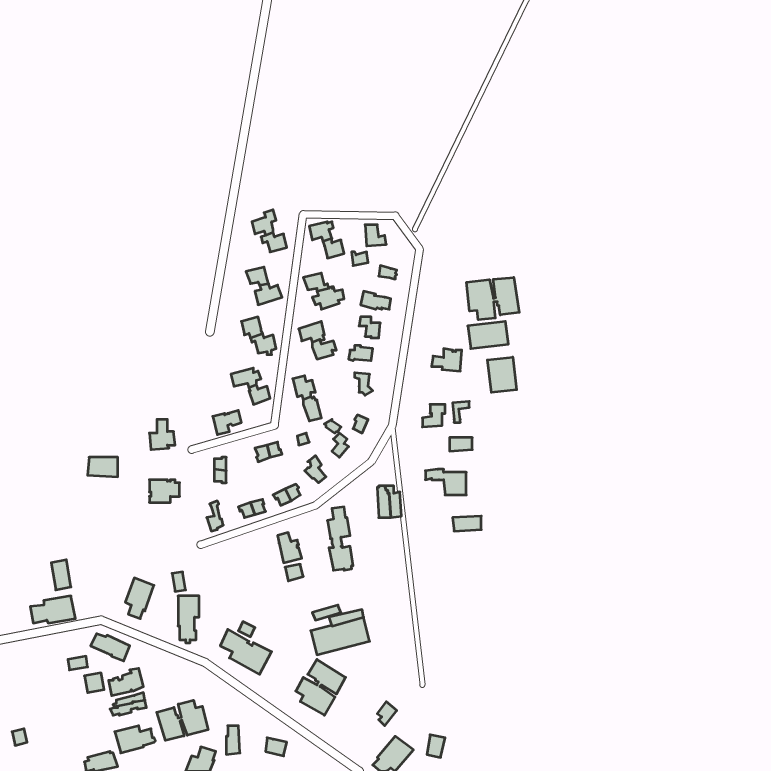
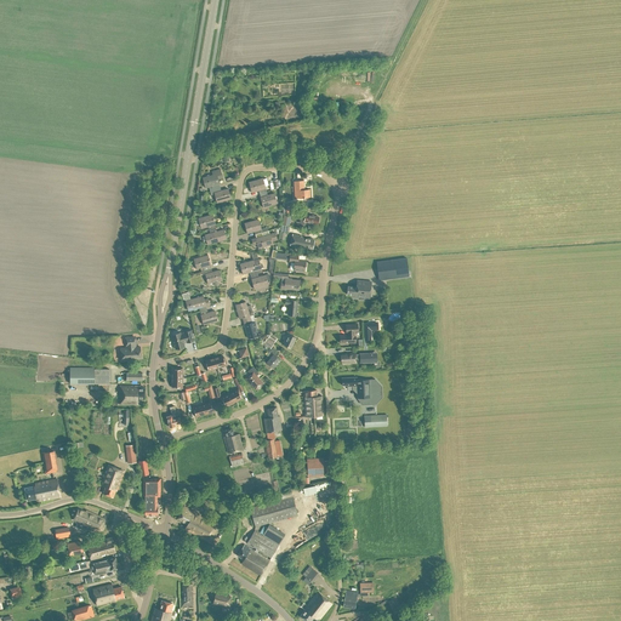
building: [467,277,519,320] -> none
building: [487,357,517,392] -> none
building: [157,700,208,740] -> none

